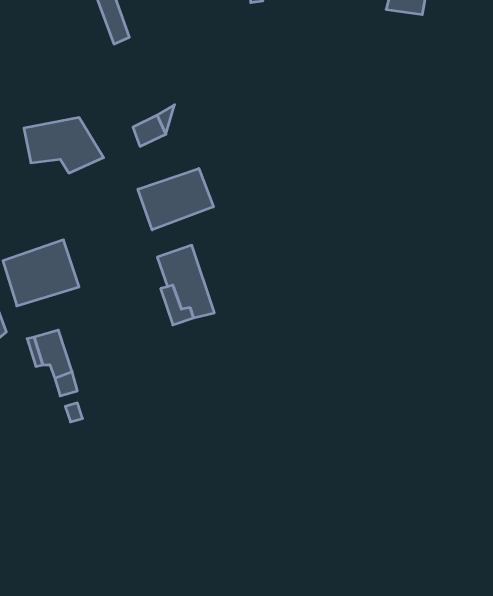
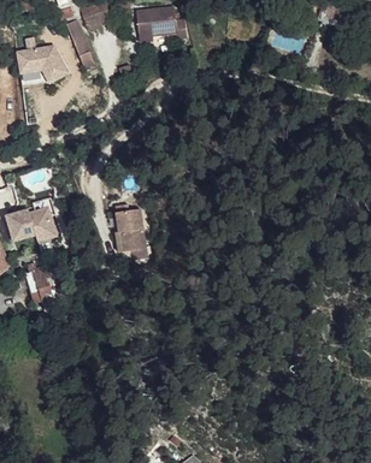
building: [24,118,104,173] -> [13,43,69,82]
building: [138,168,213,230] -> none

